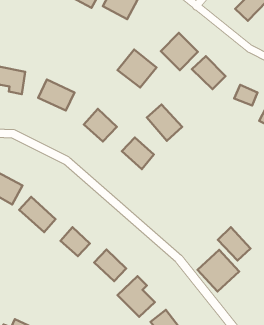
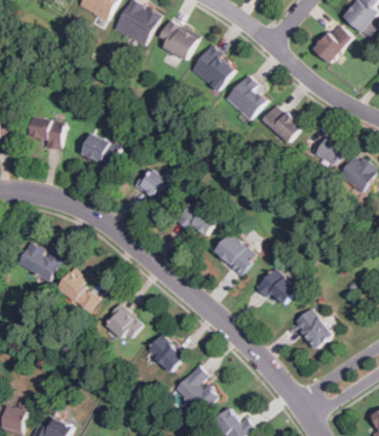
building: [118,49,156,87] -> [190,45,236,90]
building: [147,105,182,141] -> [214,232,256,276]
building: none -> [255,267,297,304]
building: [197,250,239,292] -> none

